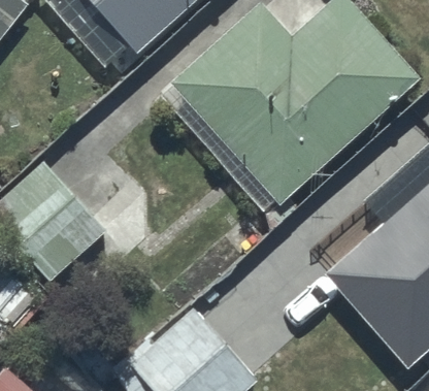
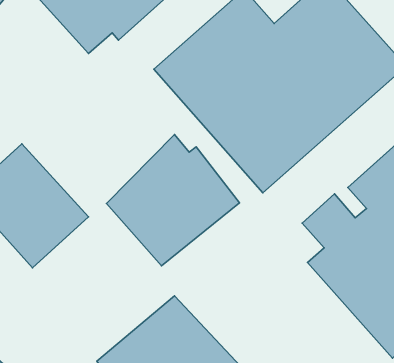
building: none -> [107,135,239,266]

